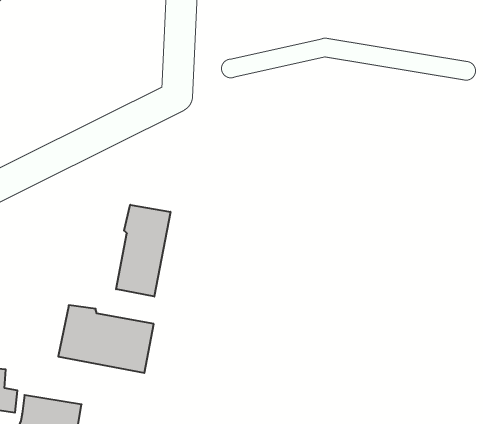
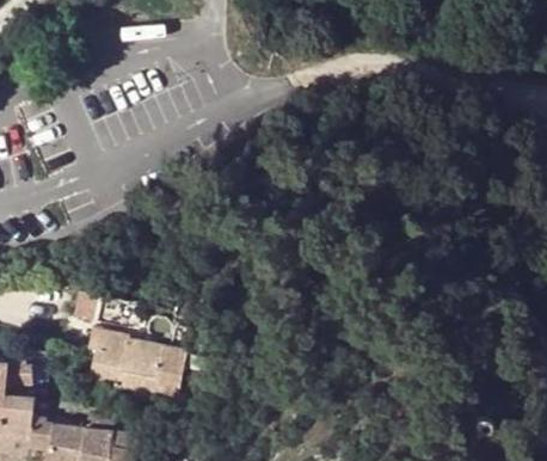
building: [116,205,170,297] -> none

